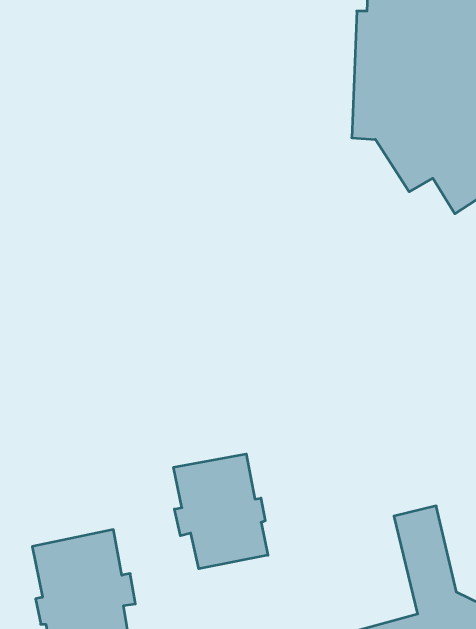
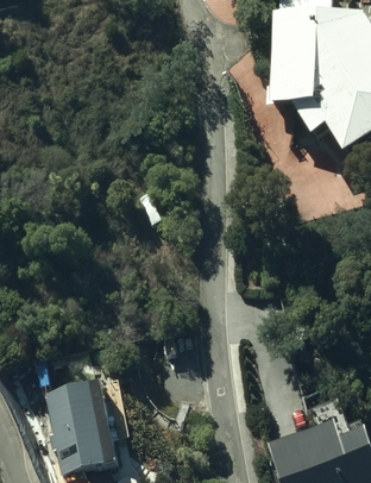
building: [174,454,268,569] -> none

